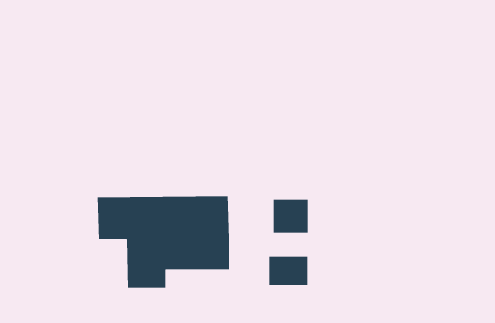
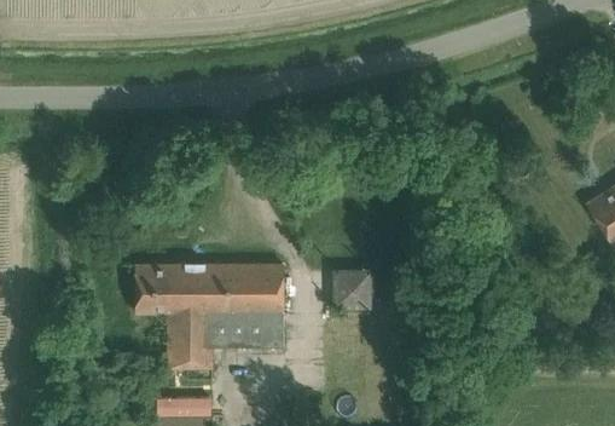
building: [269,256,308,286] -> none

